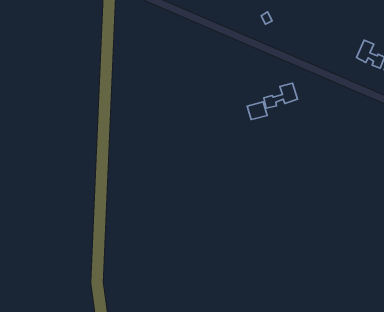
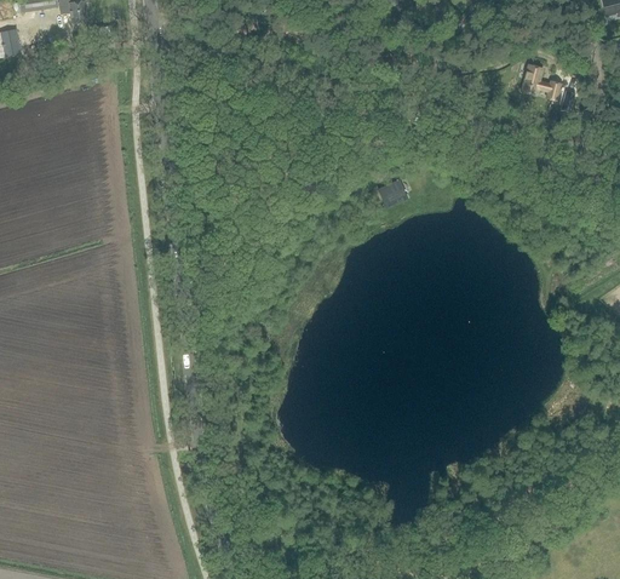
building: [264,83,297,108] -> none

